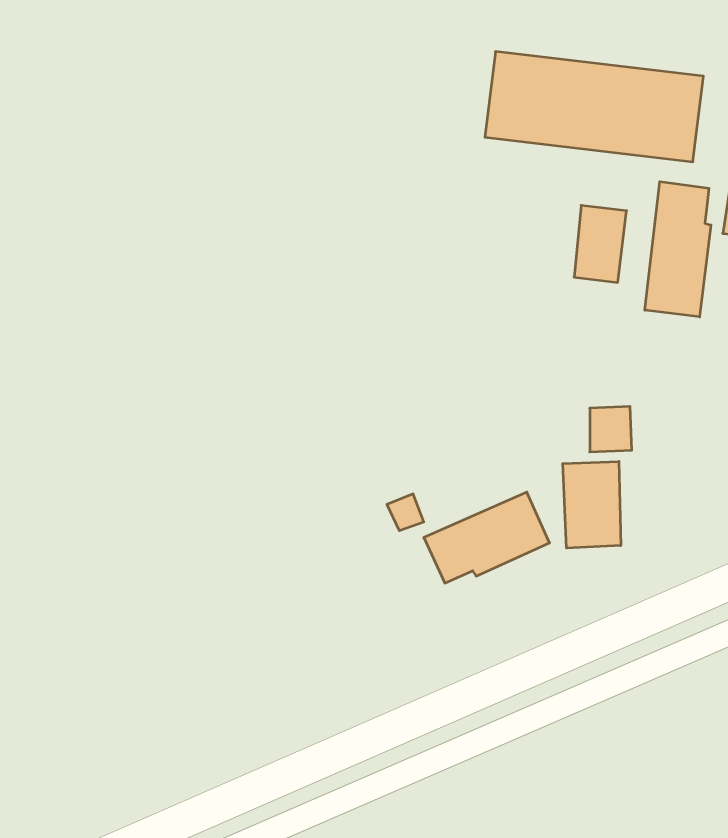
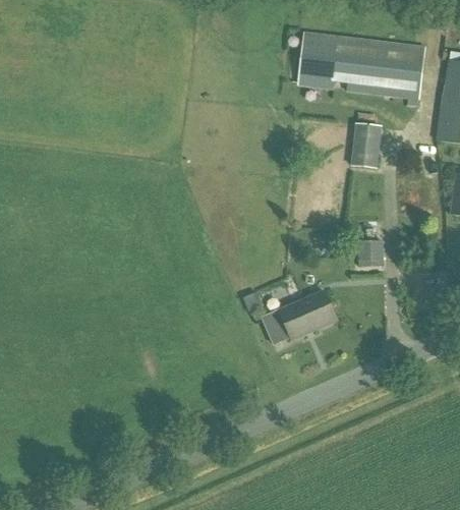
building: [645,182,711,317] -> none
building: [563,461,621,548] -> none

